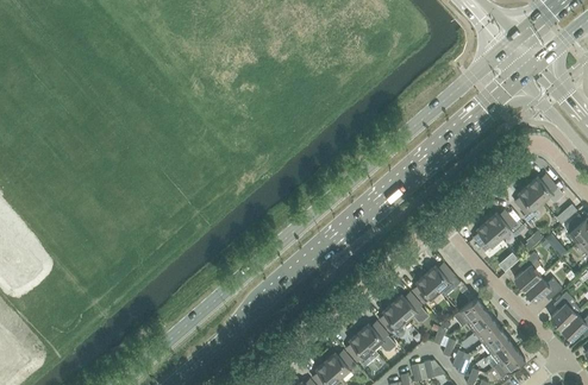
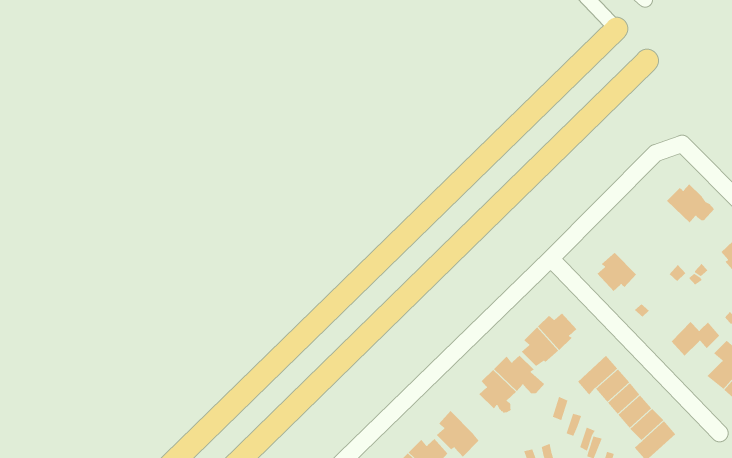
building: [513,185,543,223] -> none
building: [486,212,524,239] -> none
building: [513,252,539,290] -> none
building: [357,322,395,352] -> none

